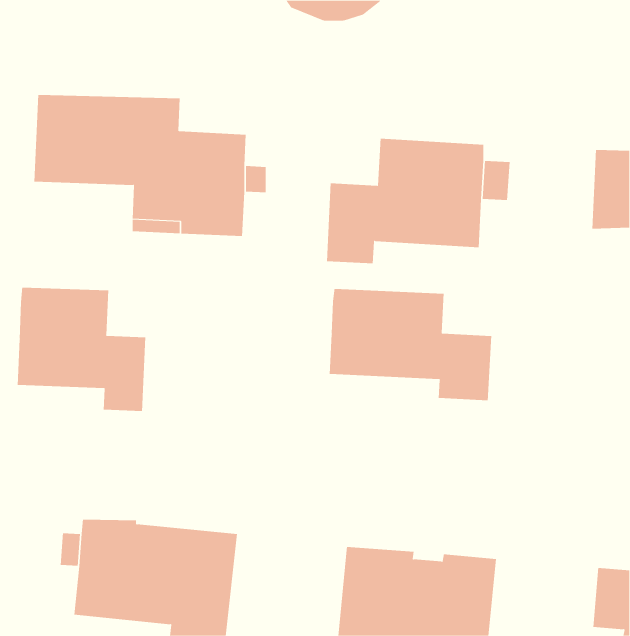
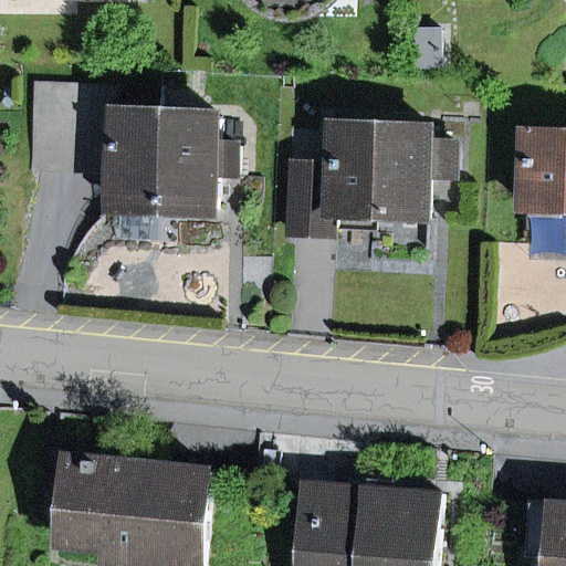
building: [17,287,146,412] -> none
building: [329,288,492,401] -> none

